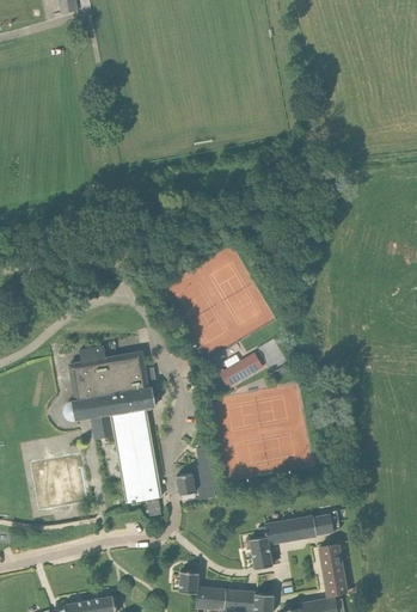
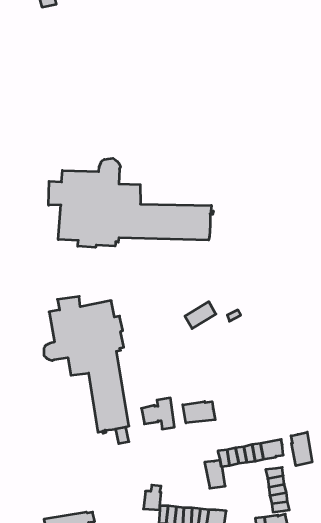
building: none -> [49,158,213,247]
building: none -> [183,401,215,423]
building: none -> [291,432,312,466]

